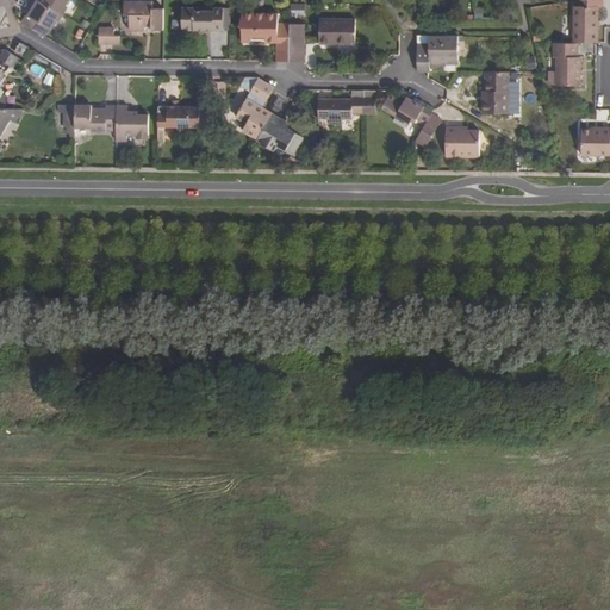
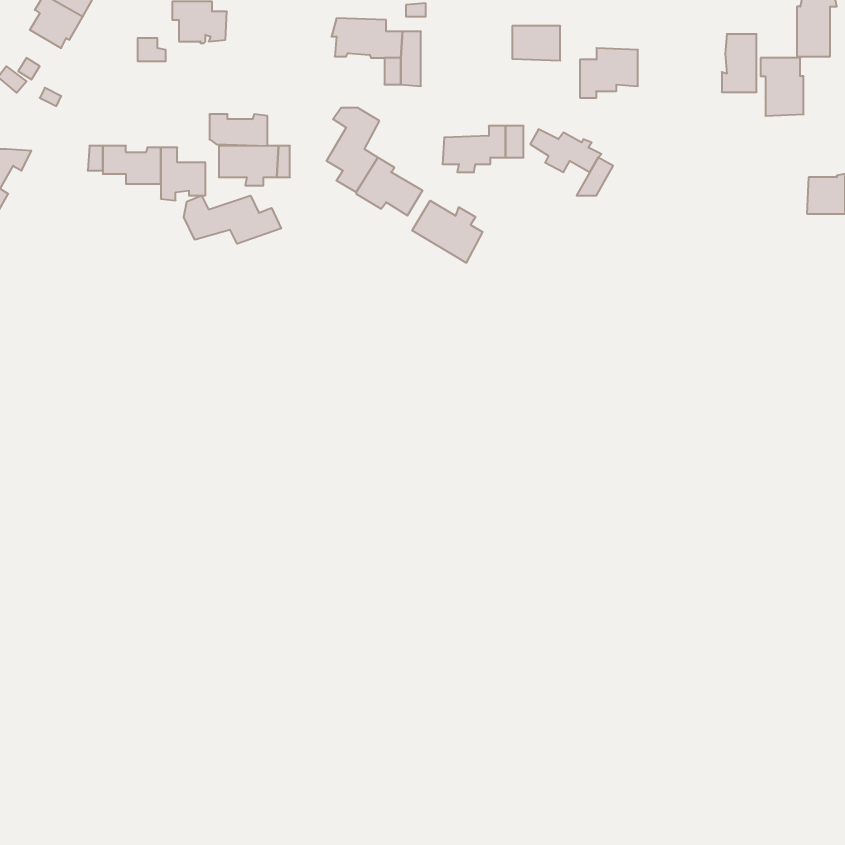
building: [180,8,222,31] -> [209,114,267,146]
building: [319,19,354,44] -> [512,26,560,61]
building: [483,71,508,113] -> [722,34,757,92]
building: [446,127,479,156] -> none
building: none -> [184,196,281,244]
building: none -> [412,201,483,263]

